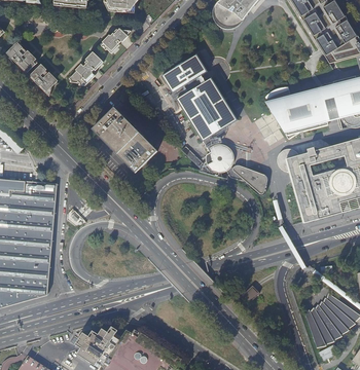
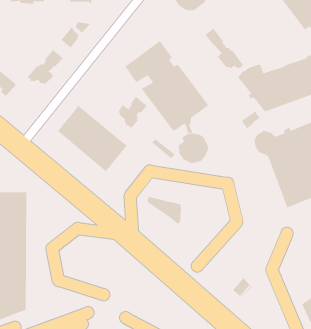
building: none -> [205,28,244,70]
building: none -> [118,96,147,129]
building: [235,163,266,192] -> [147,196,182,224]

